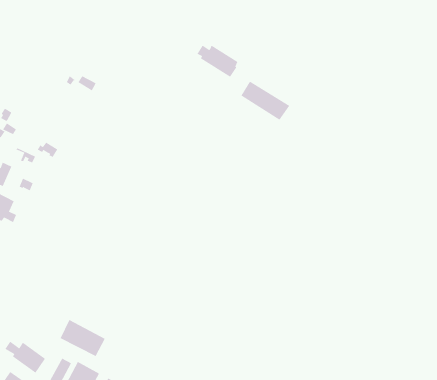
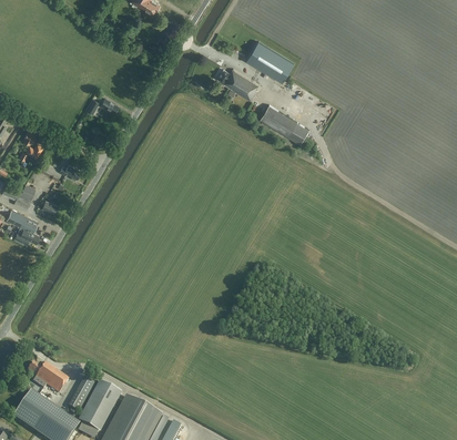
building: none -> [246,41,293,82]
building: [60,319,105,357] -> none

